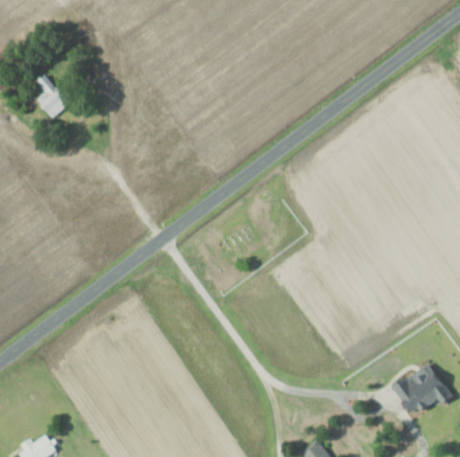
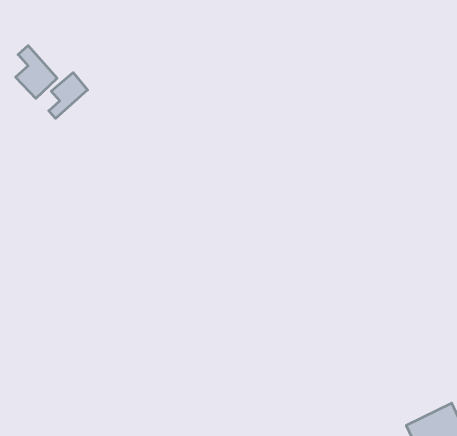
building: none -> [49,73,88,118]

